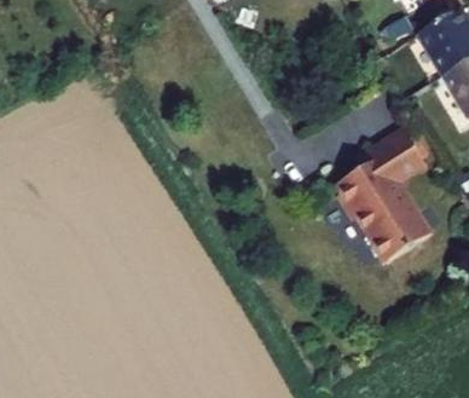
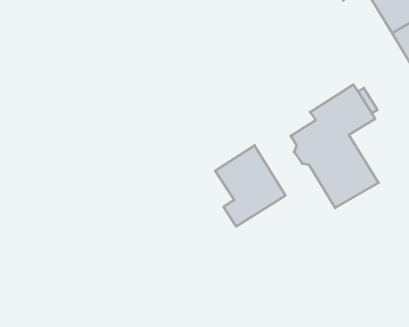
building: none -> [215,145,285,226]

